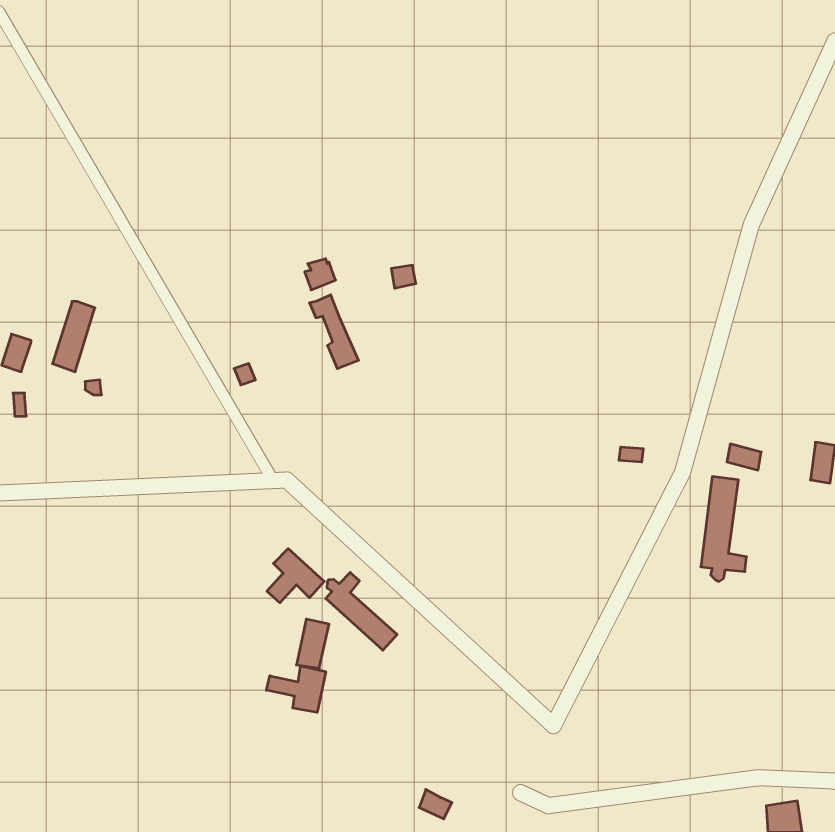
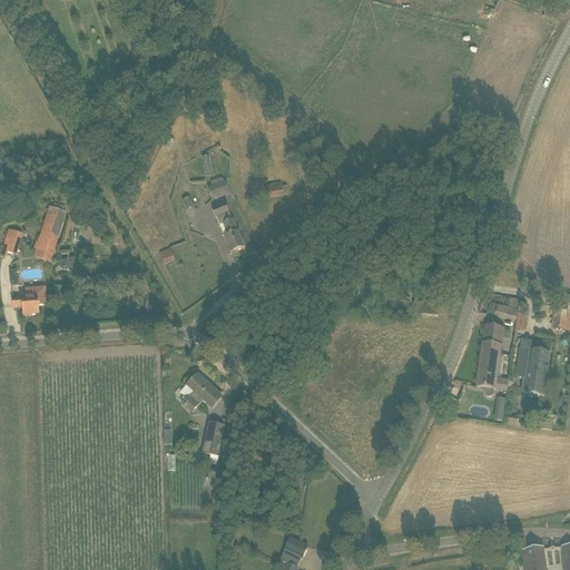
building: none -> [11,286,47,314]
building: none -> [515,340,550,395]
building: [326,572,397,650] -> none
building: [266,666,326,712] -> none

